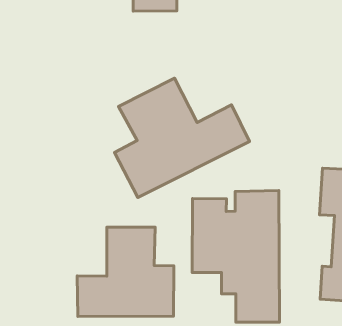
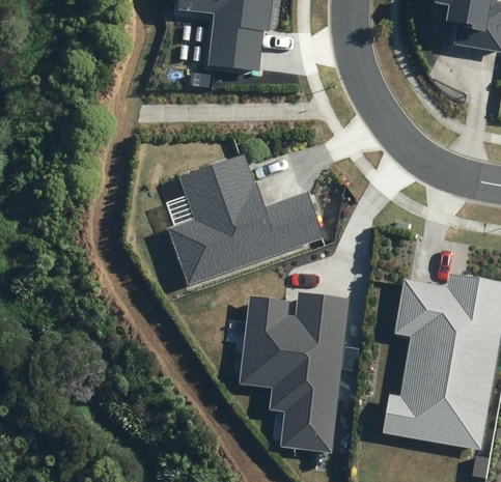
building: [77,227,174,316] -> none

